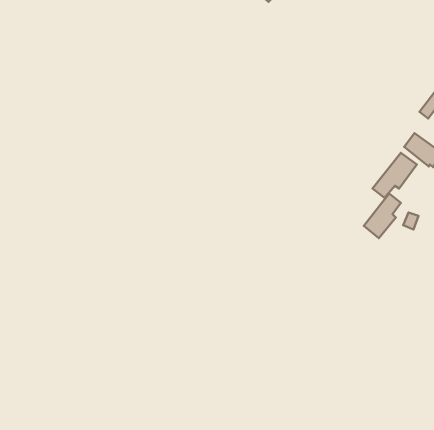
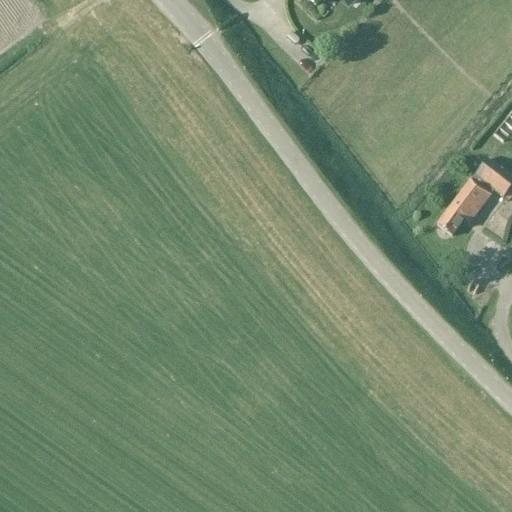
building: [364,194,401,238] -> none

